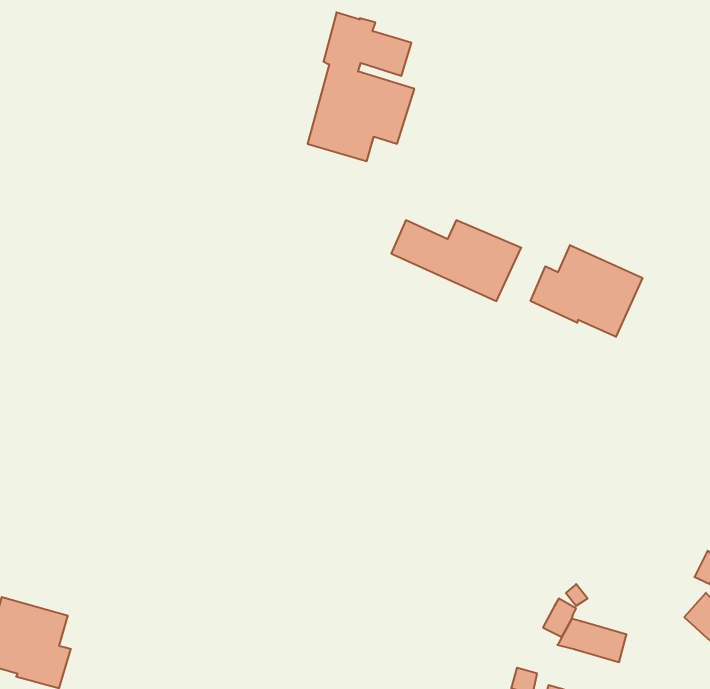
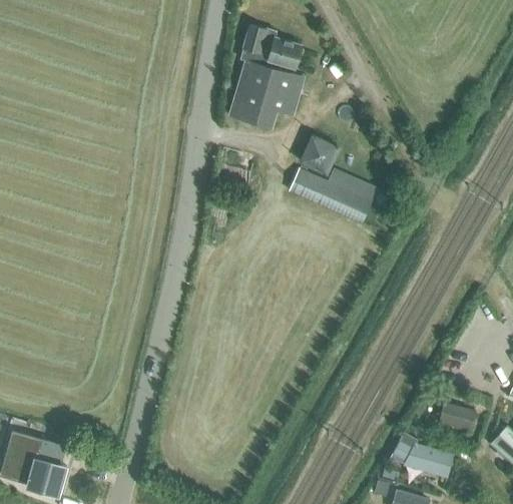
building: none -> [301,135,341,176]
building: [531,245,642,337] -> none
building: none -> [439,402,476,430]

